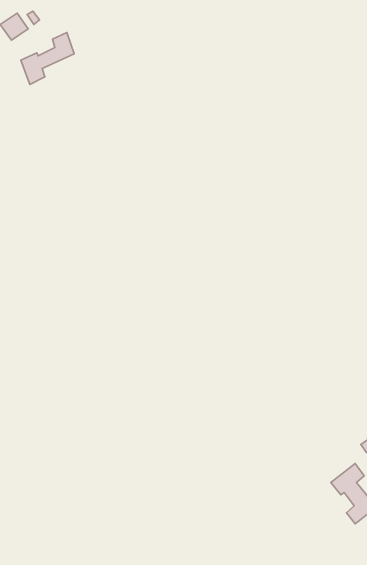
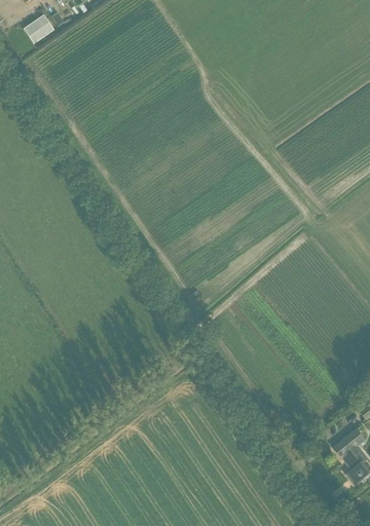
building: [21,32,74,85] -> none

